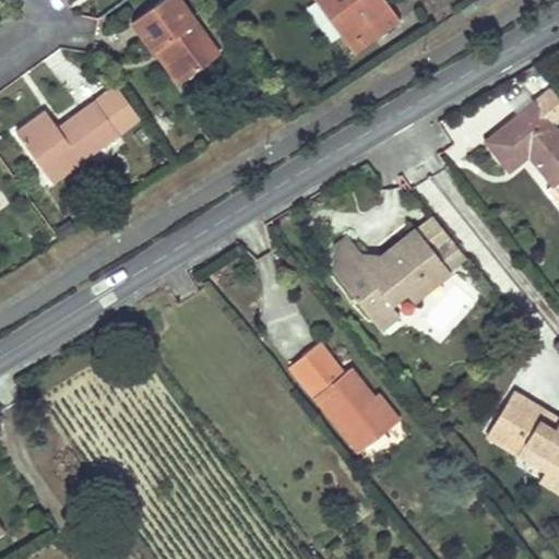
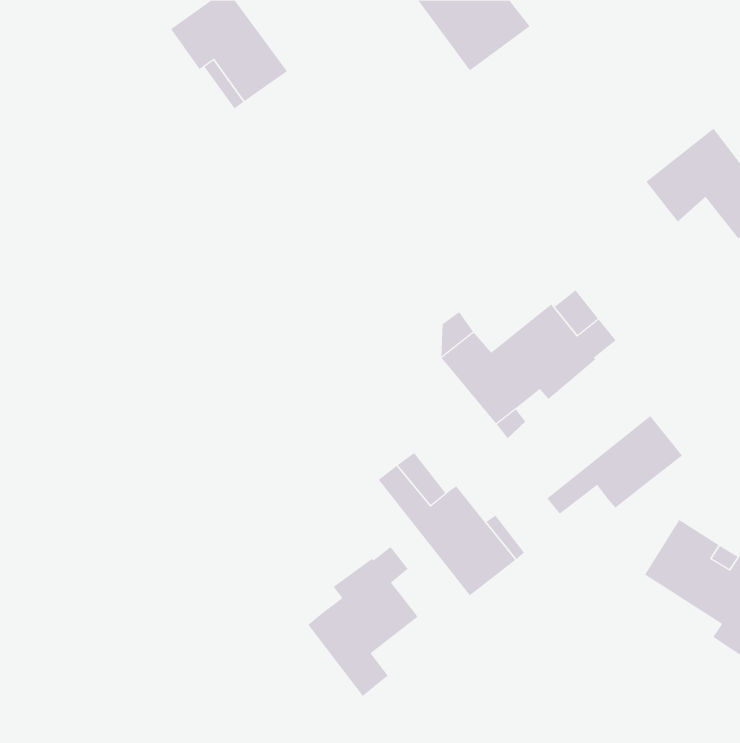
building: [16,91,136,183] -> none
building: none -> [546,415,683,514]
building: none -> [307,546,418,697]

